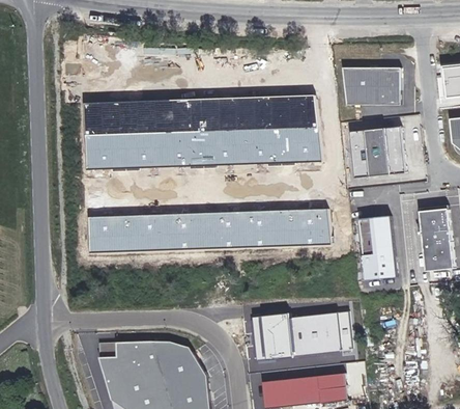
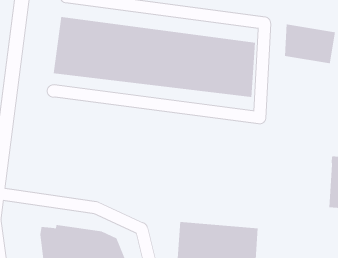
building: [349,127,405,179] -> none
building: [86,208,327,253] -> none
building: [360,216,396,281] -> none

